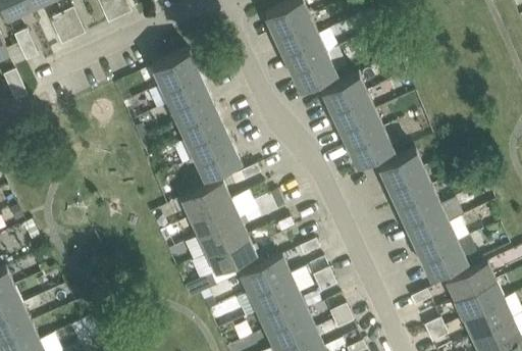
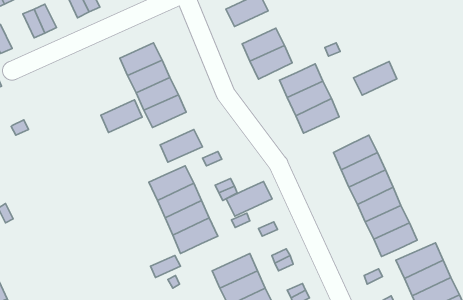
building: [273,18,317,53] -> none
building: [187,126,230,160] -> [101,100,142,133]
building: [347,131,393,166] -> [354,62,397,95]
building: [241,257,290,294] -> [226,182,272,216]

